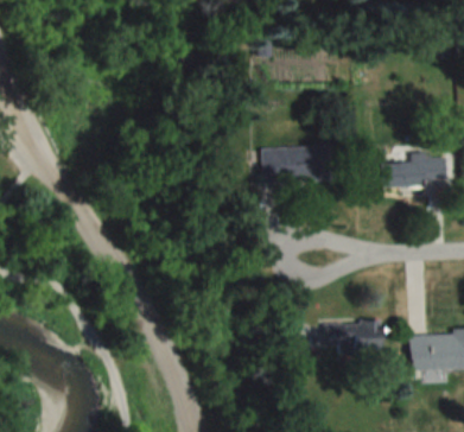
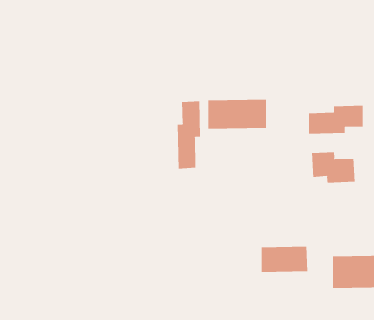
building: none -> [177,100,200,169]
building: none -> [312,152,355,183]

